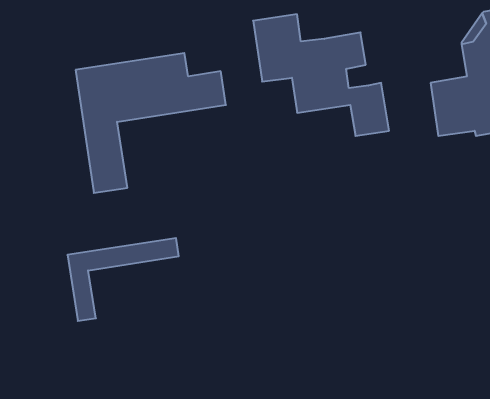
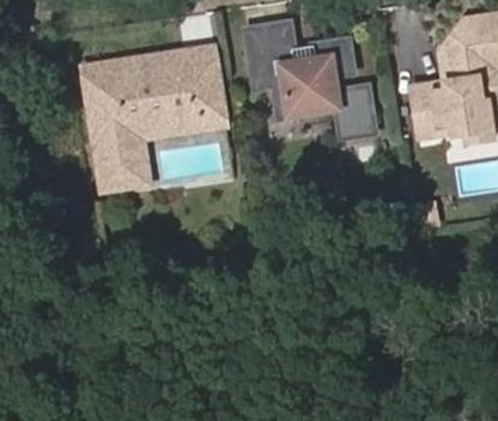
building: none -> [81,45,218,81]
building: [67,238,179,321] -> [122,108,225,184]

